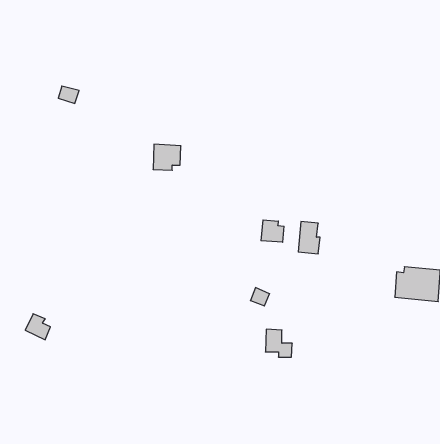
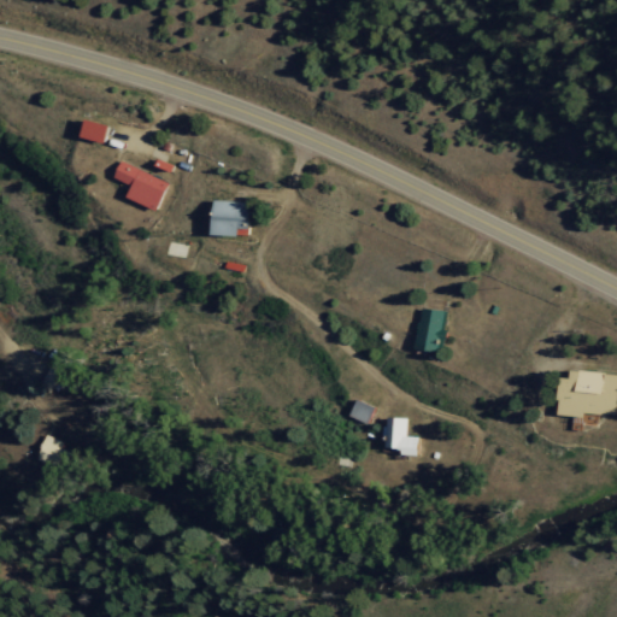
building: none -> [111,161,168,211]
building: [261,220,284,242] -> none
building: [265,329,292,357] -> [382,417,419,456]

